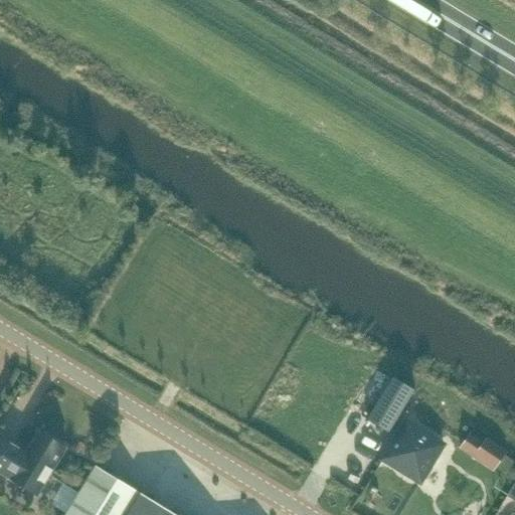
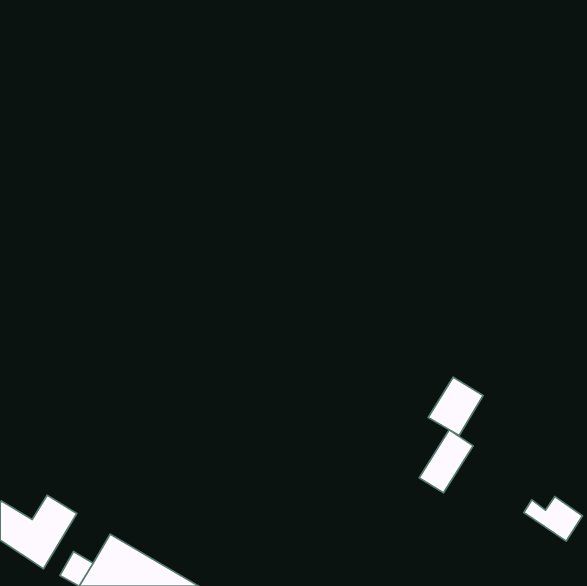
building: none -> [428,377,483,436]
building: [383,421,444,482] -> none

